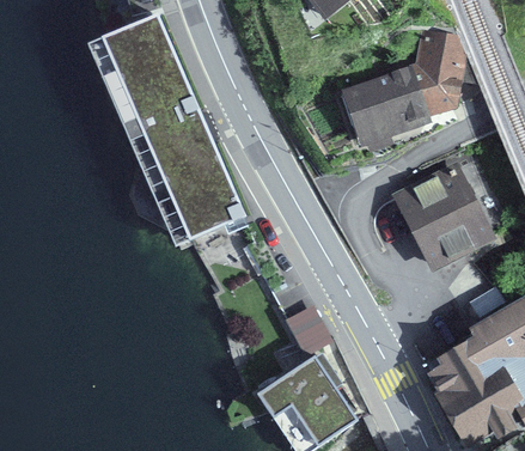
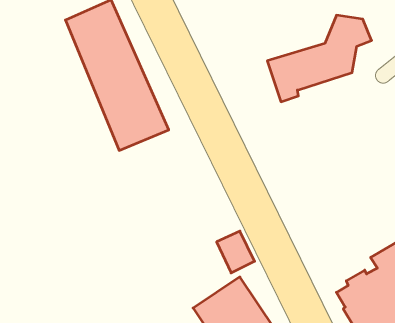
building: [397,169,487,264] -> none
building: [165,175,244,245] -> none

